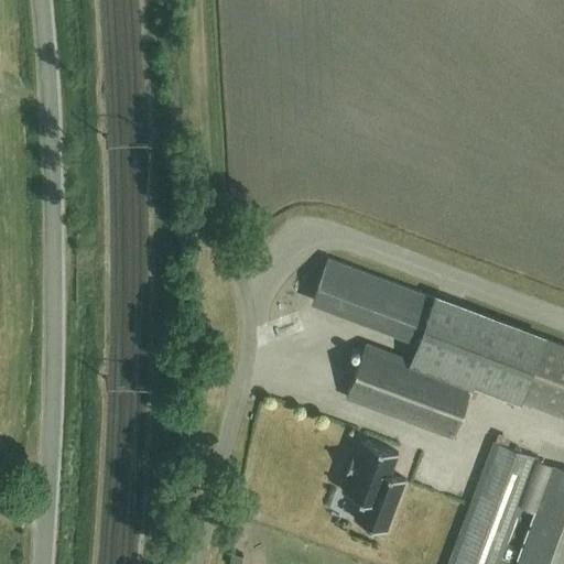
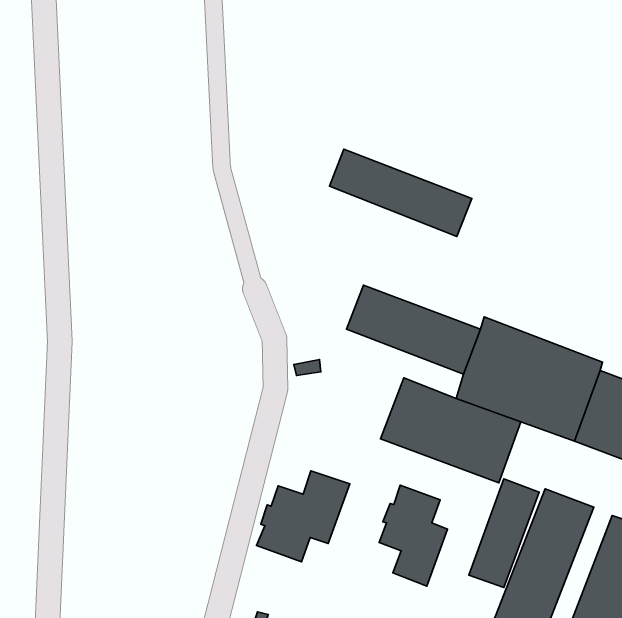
building: none -> [330,149,472,236]
building: none -> [257,471,350,562]
building: none -> [469,479,539,588]

